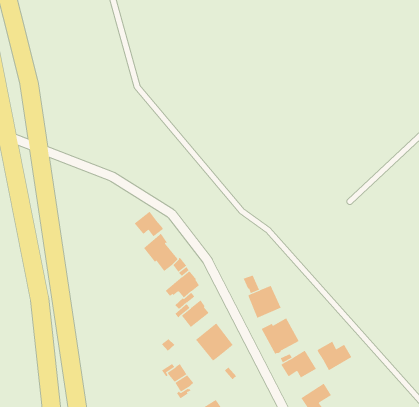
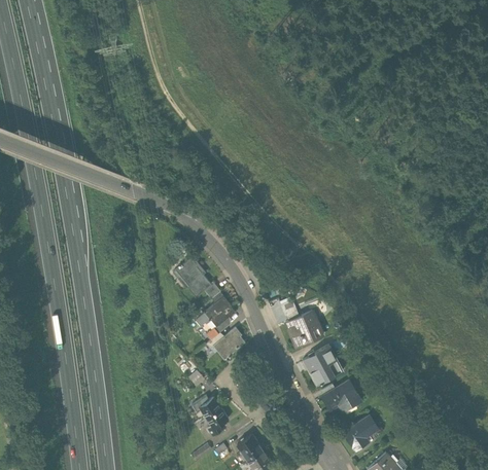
building: [134,211,164,237] -> none
building: [195,323,234,361] -> none
building: [317,341,352,371] -> none

